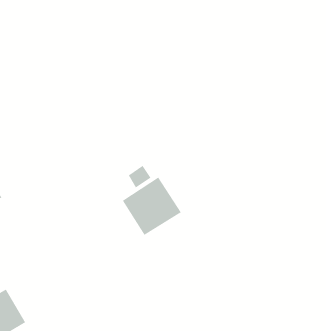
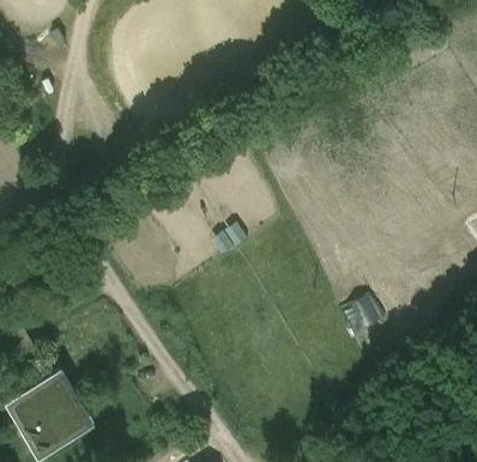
building: [122,177,182,236] -> none

